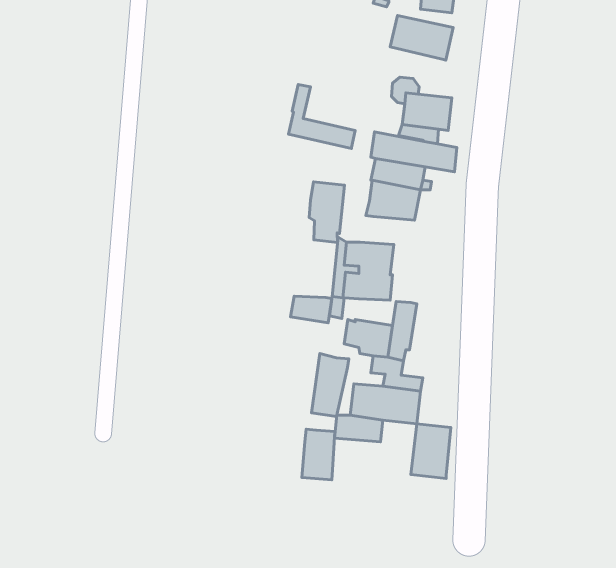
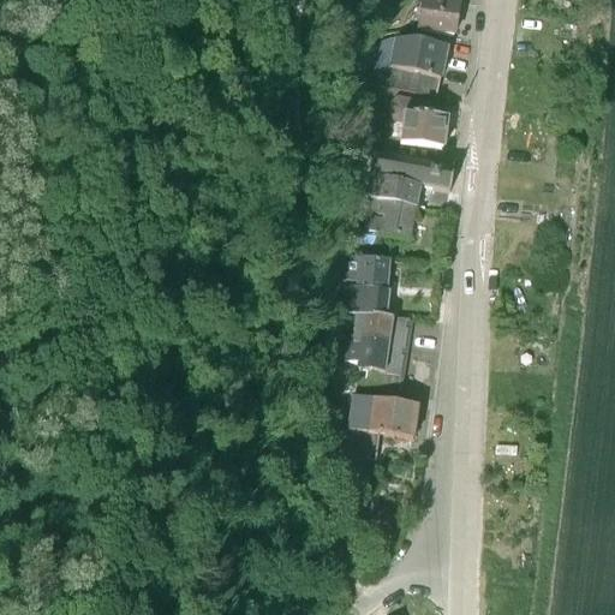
building: [289,84,355,149] -> [374,29,440,92]
building: [309,182,345,243] -> none
building: [291,296,332,323] -> [353,312,394,339]
building: [311,353,349,416] -> none
building: [411,424,451,478] -> none
building: [302,429,335,480] -> none

